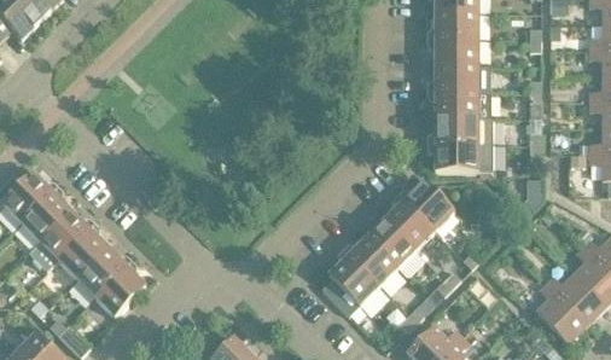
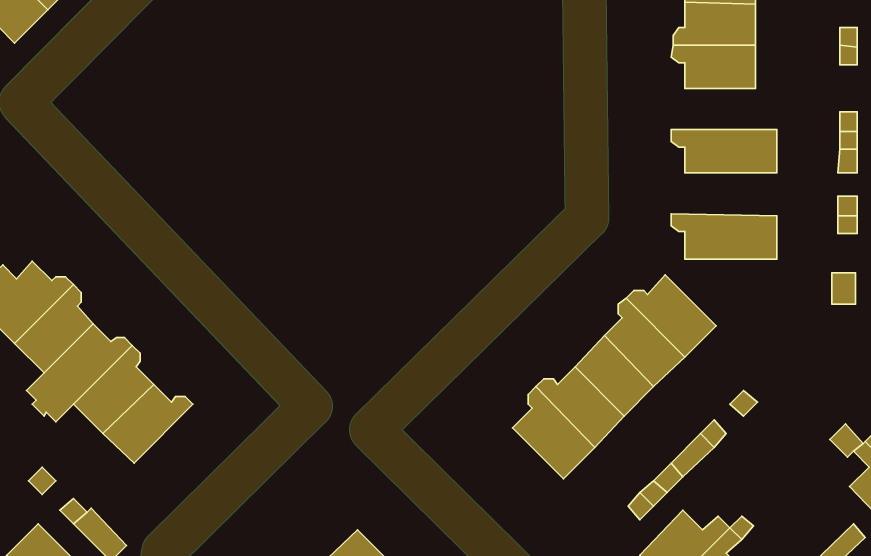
building: [426,65,490,91] -> none
building: [426,117,491,144] -> none
building: [95,260,145,315] -> none

